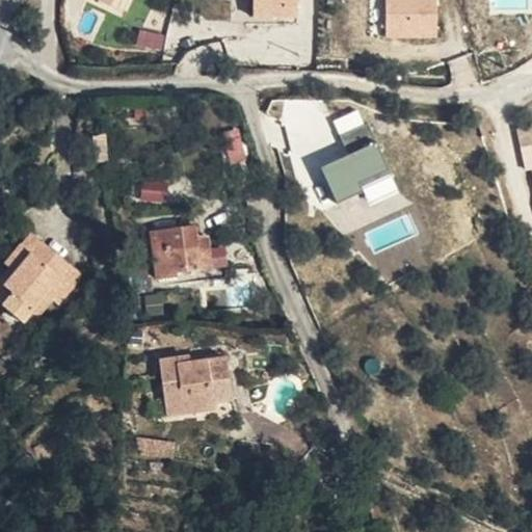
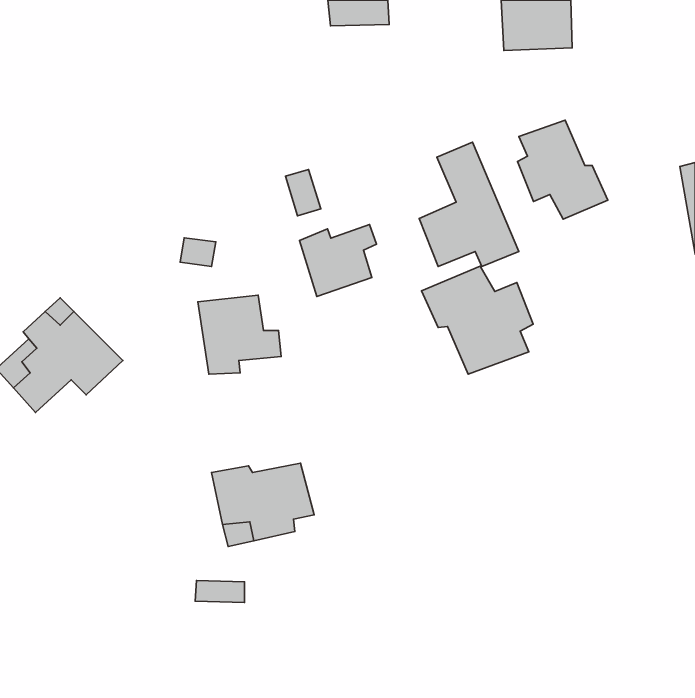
building: none -> [518,120,608,219]
building: none -> [299,224,377,297]
building: none -> [421,266,533,374]

